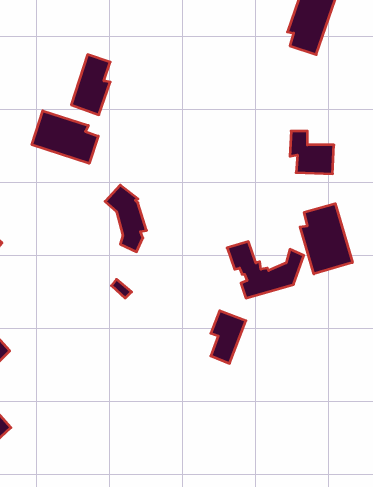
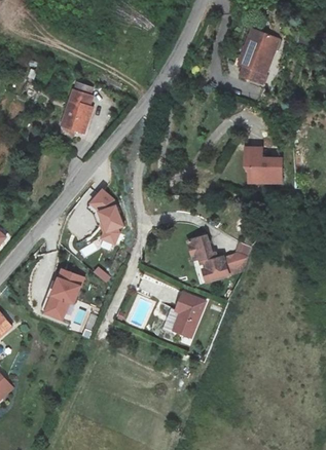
building: [32,111,98,163] -> none
building: [300,204,352,274] -> none
building: none -> [43,269,83,320]

